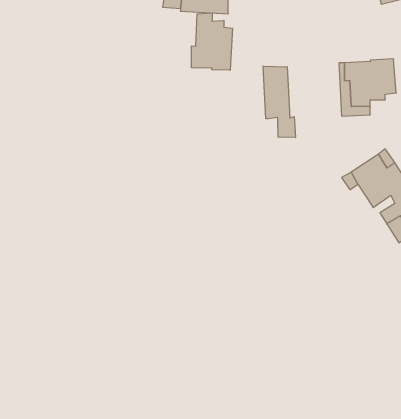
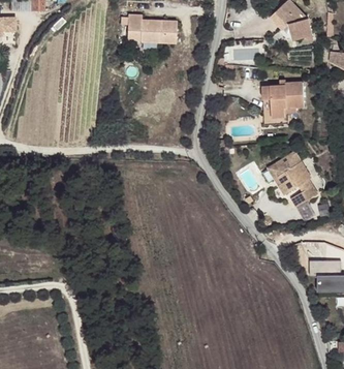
building: [192,13,232,70] -> none
building: [263,66,295,138] -> none

